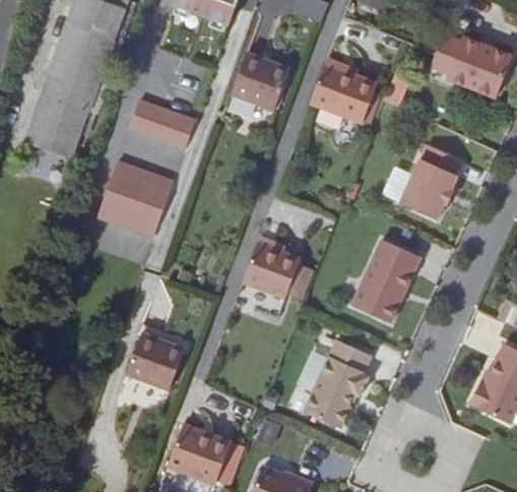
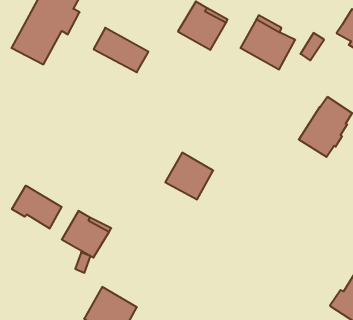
building: [98,164,175,239] -> none
building: [350,239,419,322] -> none
building: none -> [12,186,62,229]
building: [304,340,371,428] -> none

